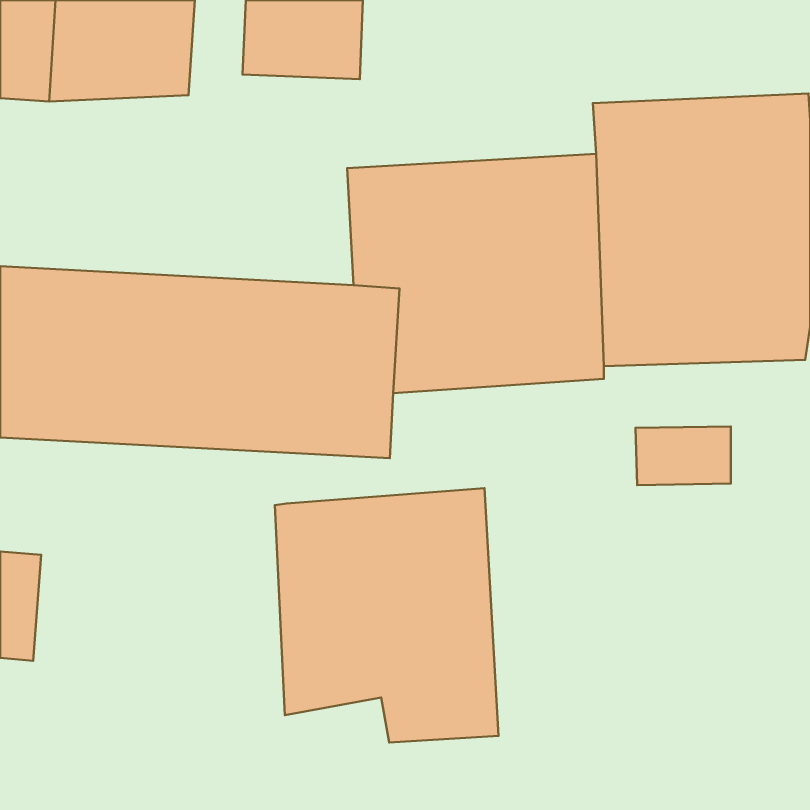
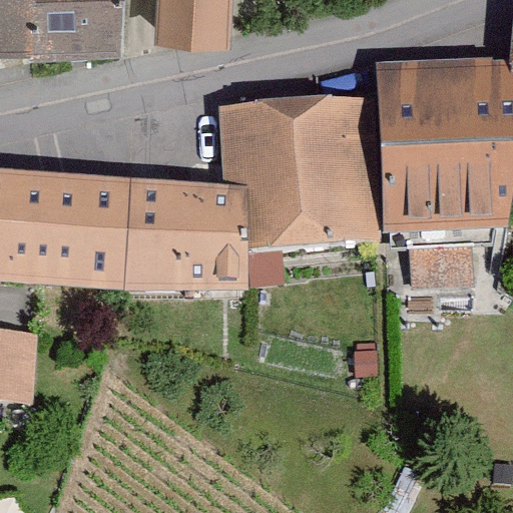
building: [275,488,499,743] -> none

